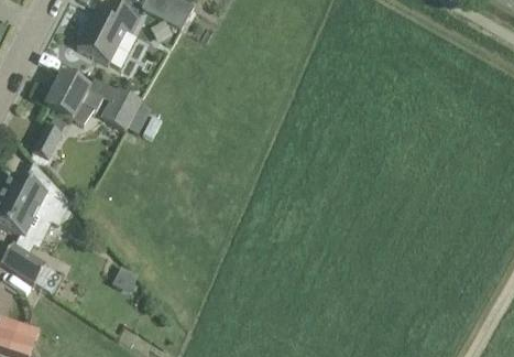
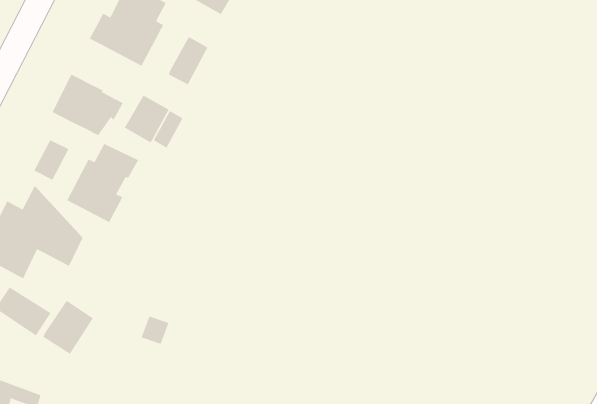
building: none -> [168,36,208,86]
building: none -> [66,143,139,223]
building: none -> [43,300,94,355]

